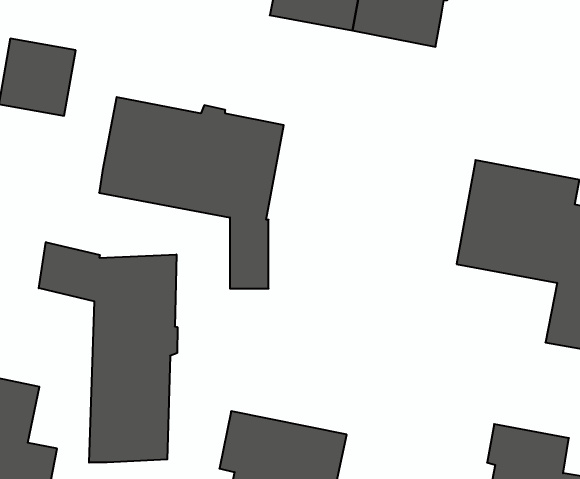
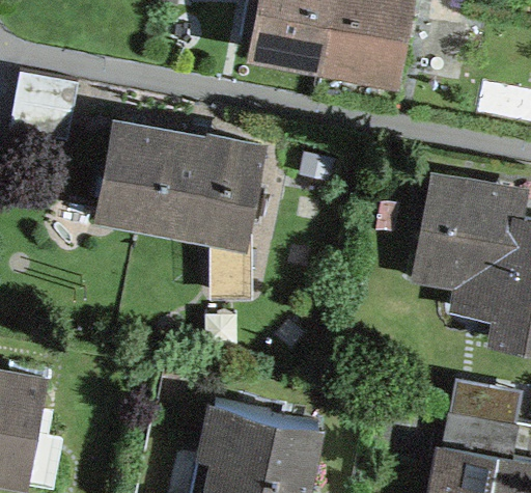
building: [39,242,177,463] -> none

